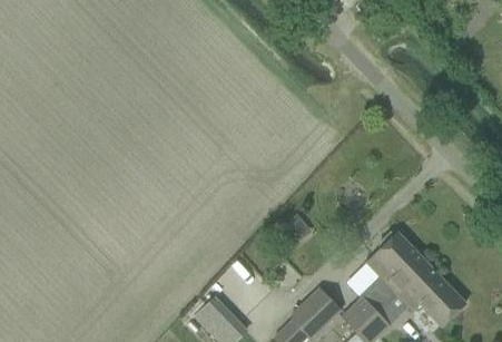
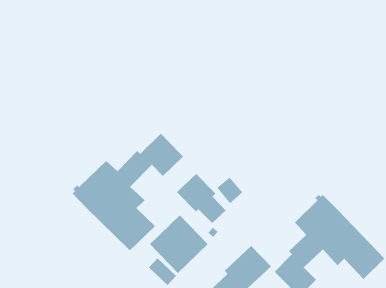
building: none -> [72,133,184,251]
building: none -> [176,173,226,224]

